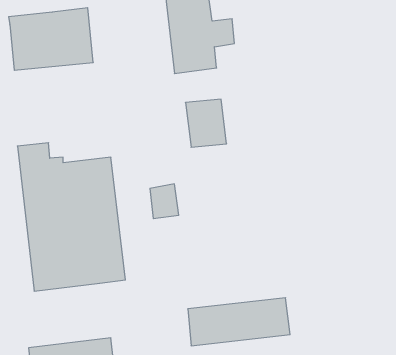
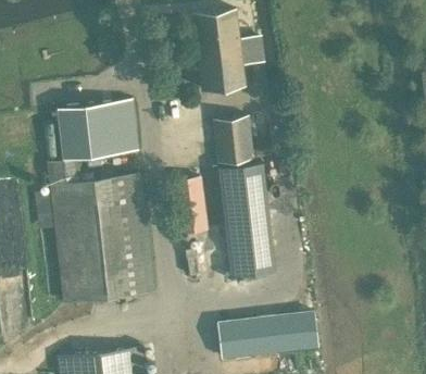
building: [9,8,93,70] -> [57,101,139,162]
building: none -> [218,165,274,279]

